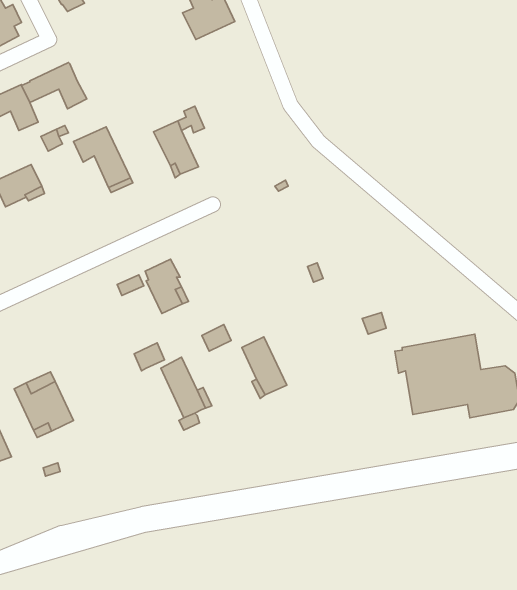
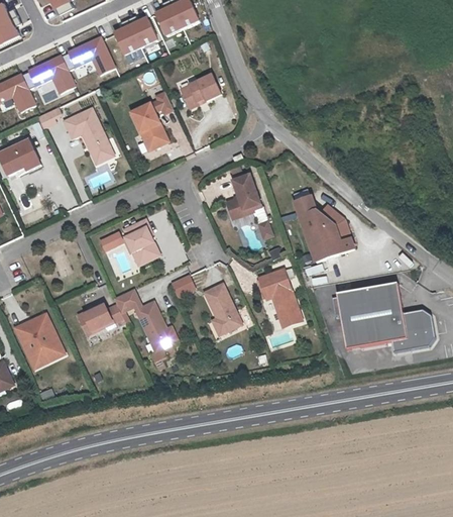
building: none -> [113,16,156,56]
building: none -> [61,36,114,75]
building: none -> [181,76,220,109]
building: none -> [226,175,261,219]
building: none -> [295,196,355,262]
building: none -> [258,269,302,326]
building: none -> [77,302,122,334]

